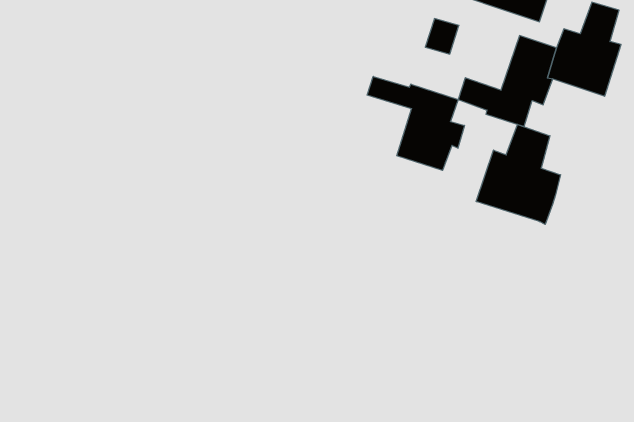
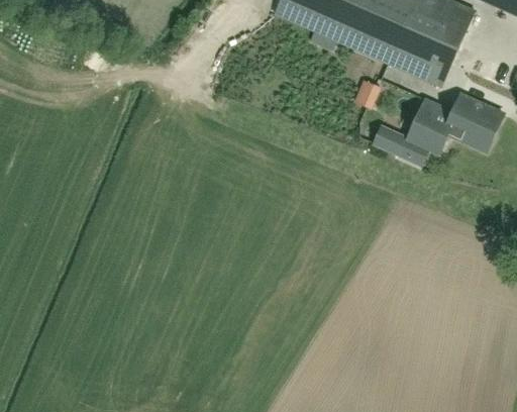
building: [367,76,464,170] -> none
building: [476,124,561,224] -> none

